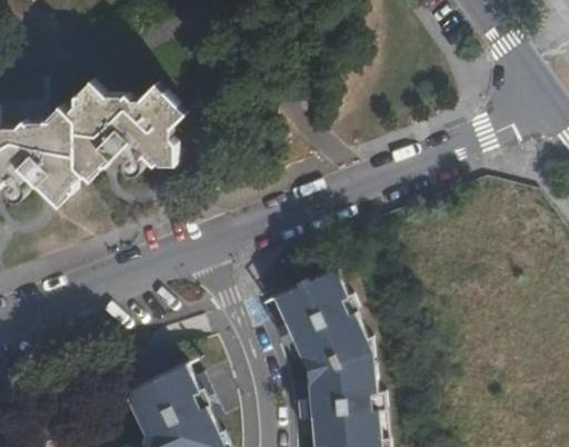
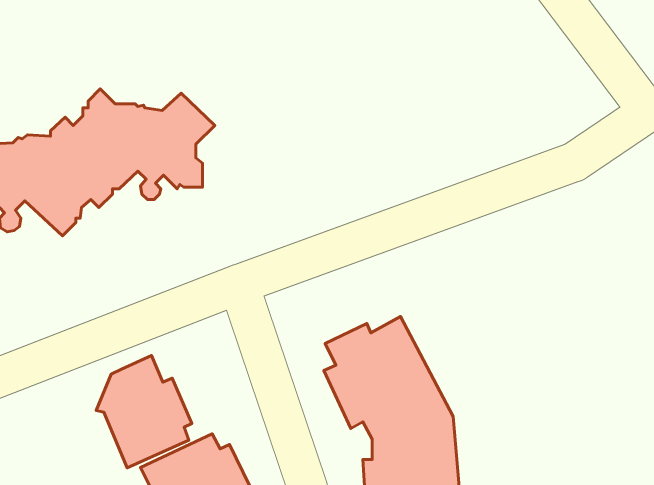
building: none -> [96,355,192,468]

